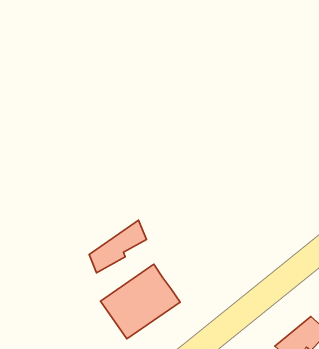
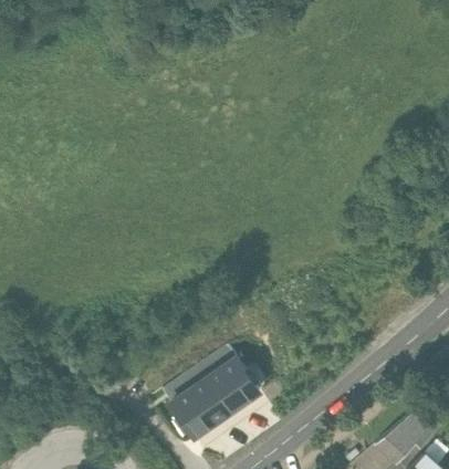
building: [89,220,146,273] -> none

